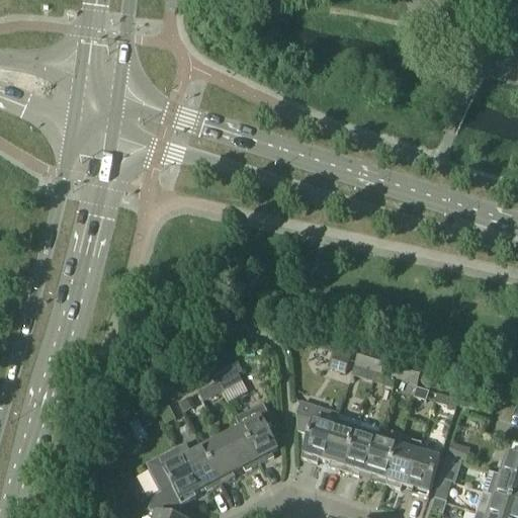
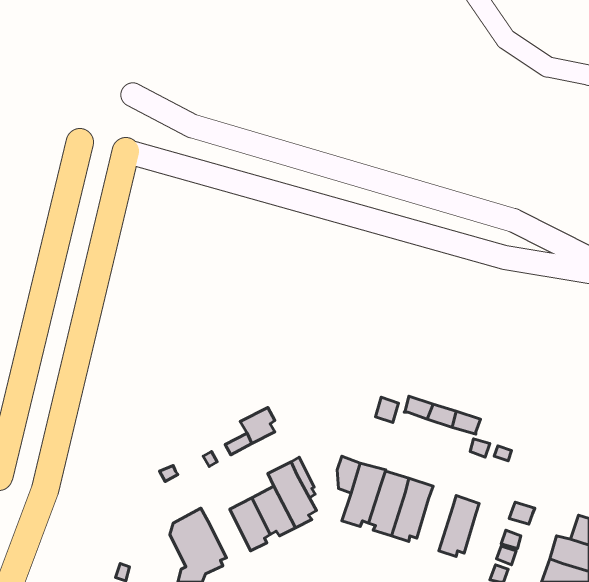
building: [365,437,397,483] -> none
building: [182,446,220,490] -> none
building: [407,450,439,496] -> none

